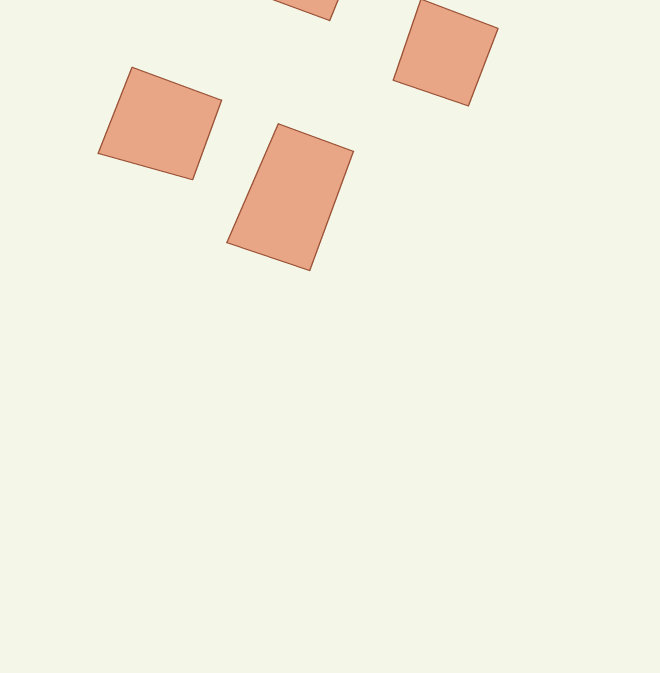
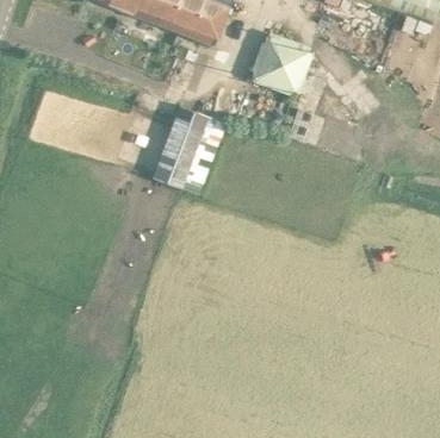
building: [98,67,222,180] -> none

